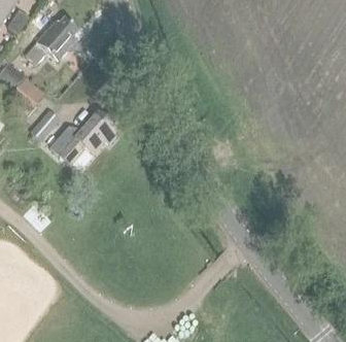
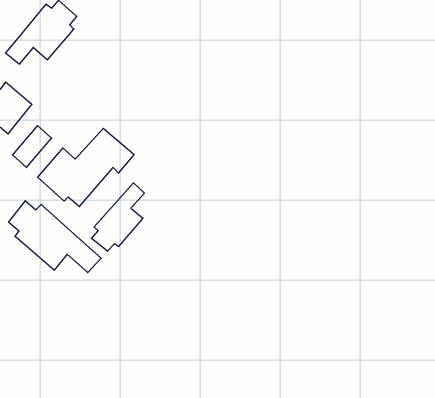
building: none -> [91,183,144,251]
building: none -> [9,201,101,273]

